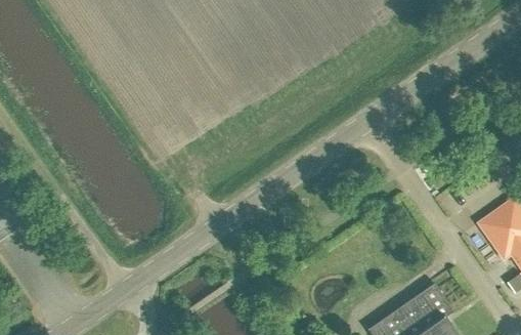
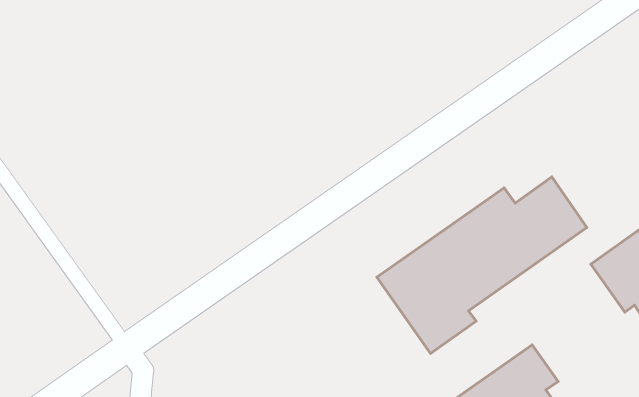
building: none -> [377,177,587,353]

